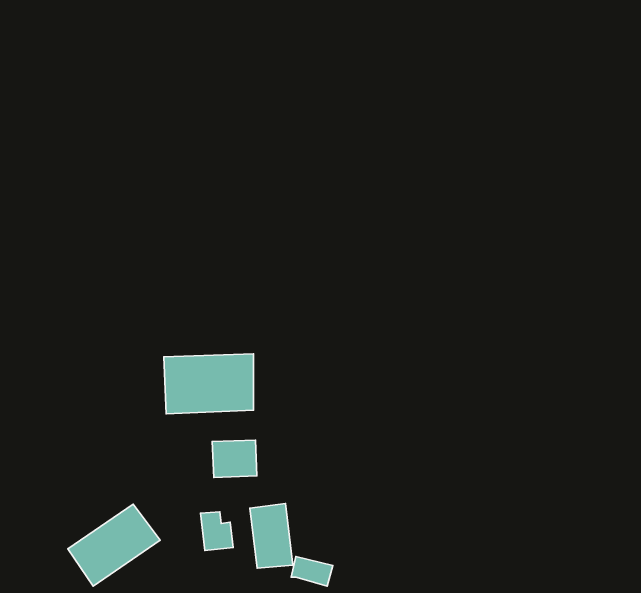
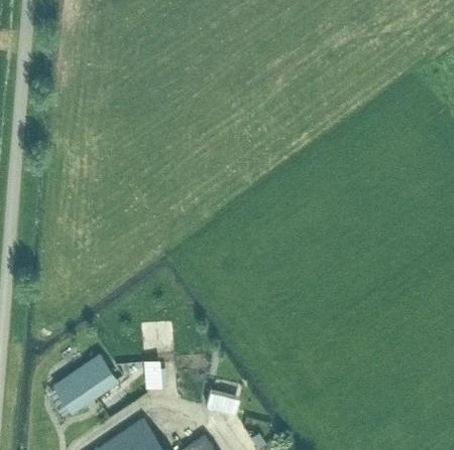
building: [164,354,254,414] -> none
building: [250,504,293,568] -> none

